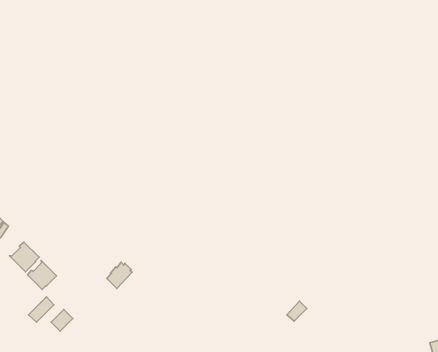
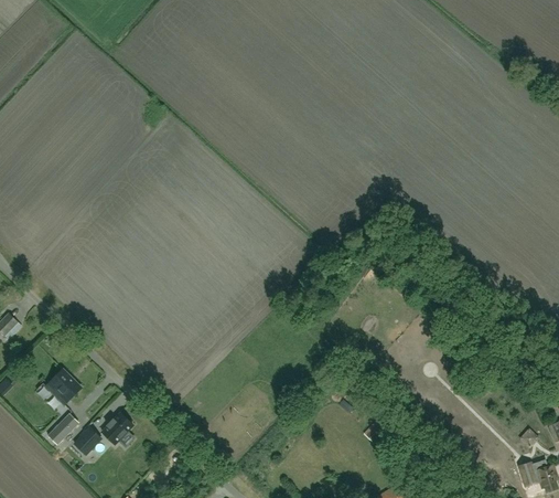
building: [9,242,39,272] -> none
building: [107,262,132,289] -> [100,413,131,445]

